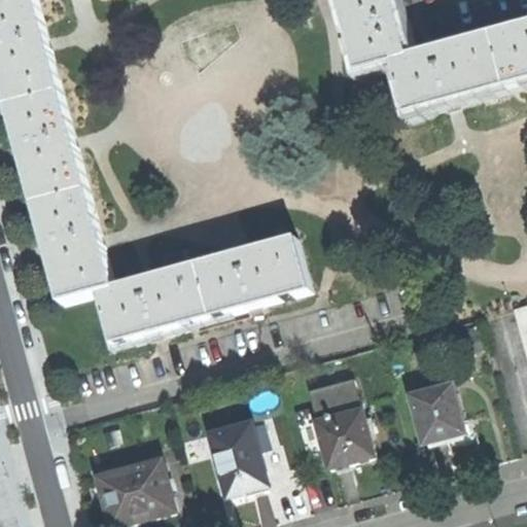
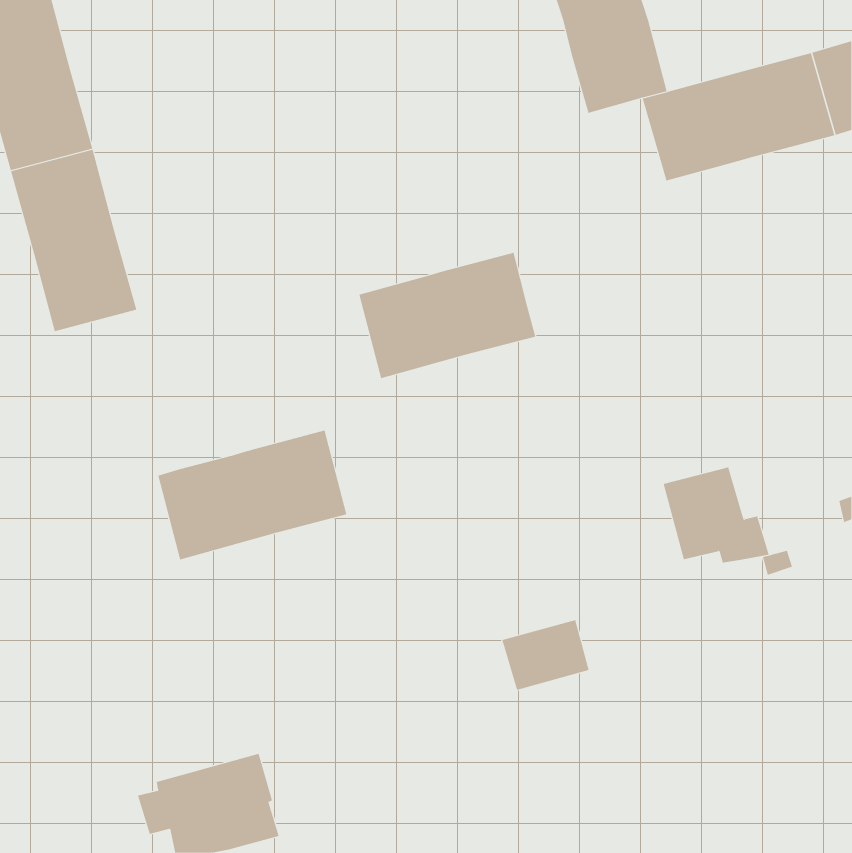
building: [33,188,109,298] -> none
building: [198,236,306,313] -> [358,252,536,379]
building: [408,383,472,442] -> [663,467,770,563]
building: [314,408,371,465] -> none
building: [207,421,269,493] -> none

